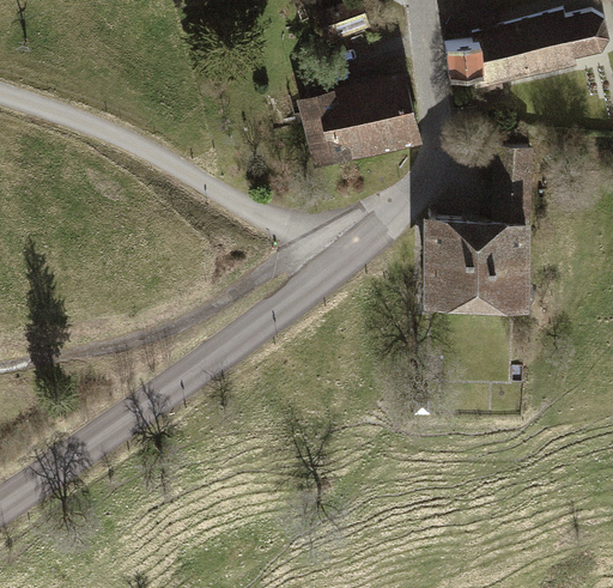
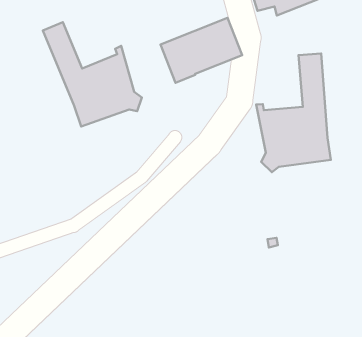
building: none -> [43,22,142,127]

